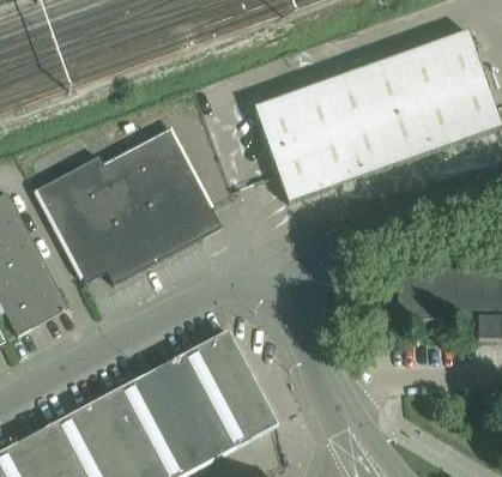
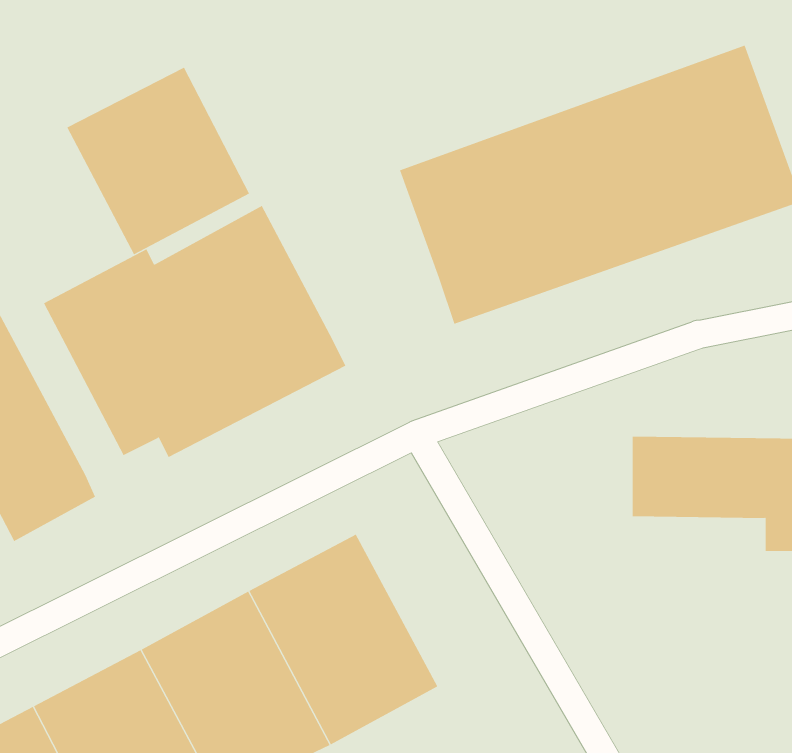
building: none -> [67,67,250,255]

